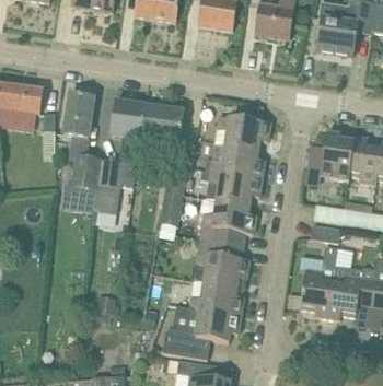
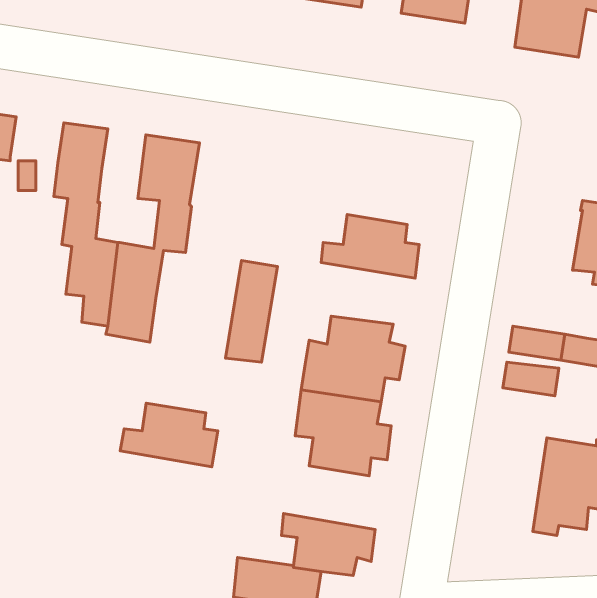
building: [138,104,184,144] -> none
building: [217,115,270,149] -> none
building: [320,131,353,179] -> none
building: [208,169,262,203] -> none
building: [299,246,337,317] -> none
building: [189,281,243,316] -> [120,403,218,467]

